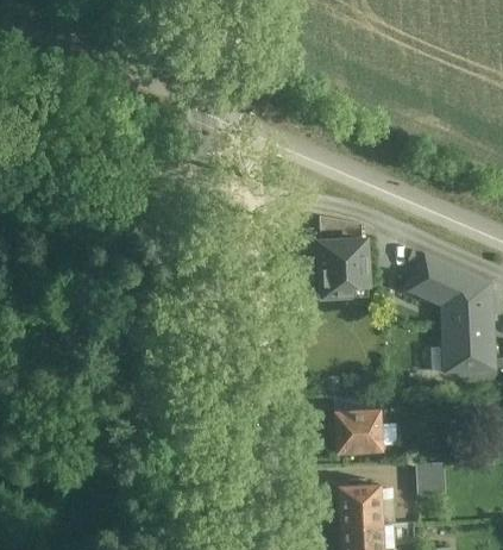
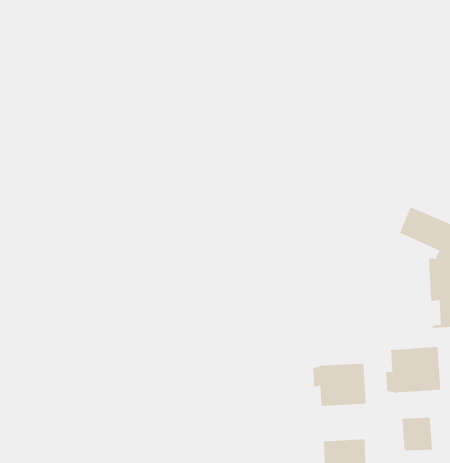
building: [319,239,366,296] -> none
building: none -> [386,346,441,394]

